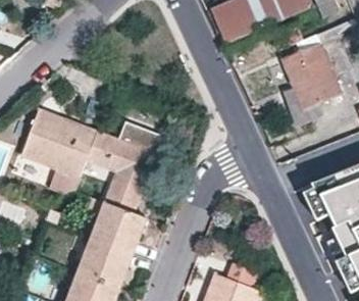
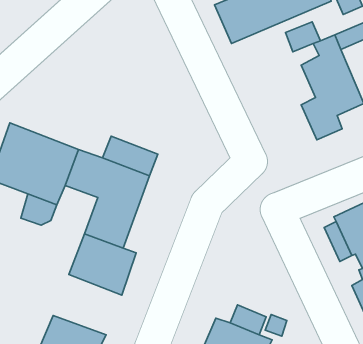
building: [75,237,134,288] -> none

